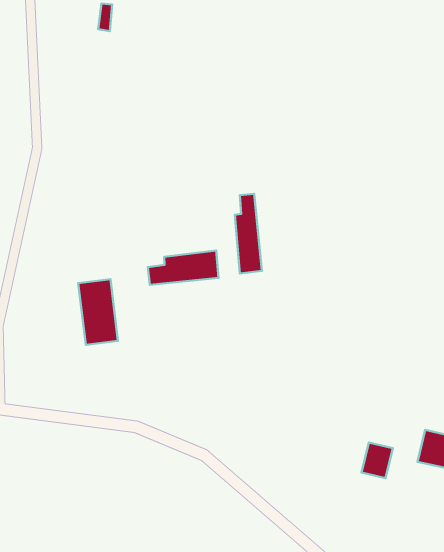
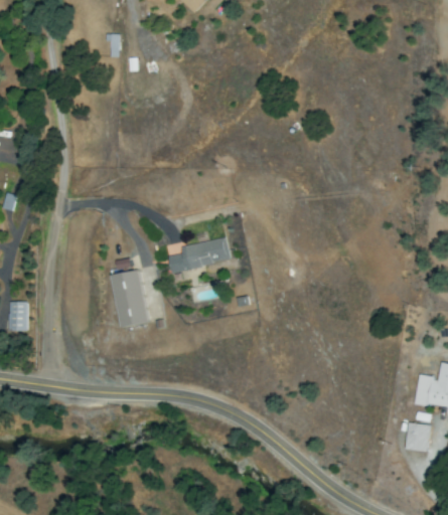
building: [235,194,262,273] -> none
building: [361,443,393,478] -> [405,422,430,452]

